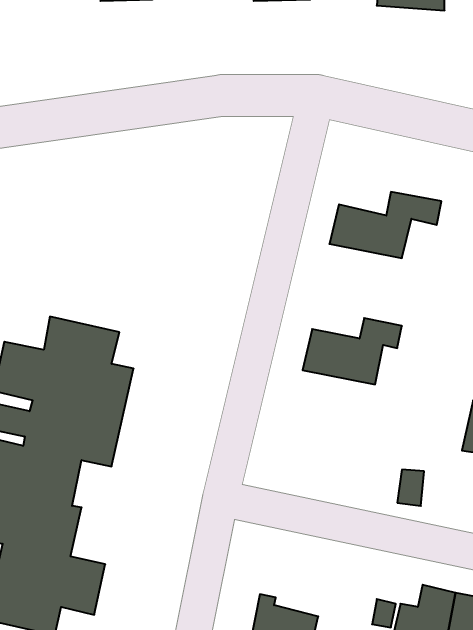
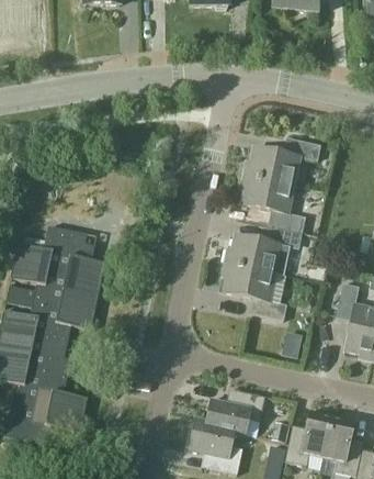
building: none -> [237,175,305,234]
building: none -> [218,263,286,321]
building: none -> [204,391,263,436]

